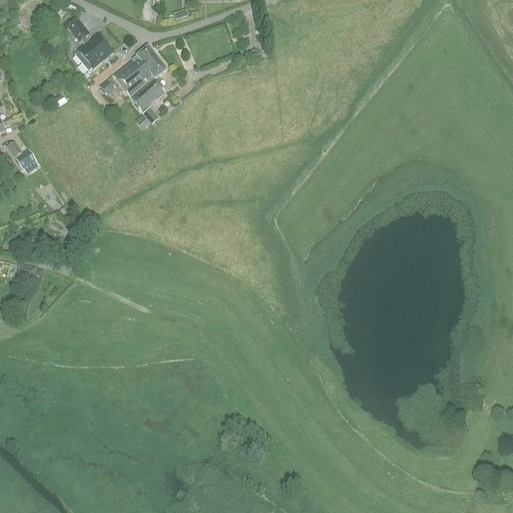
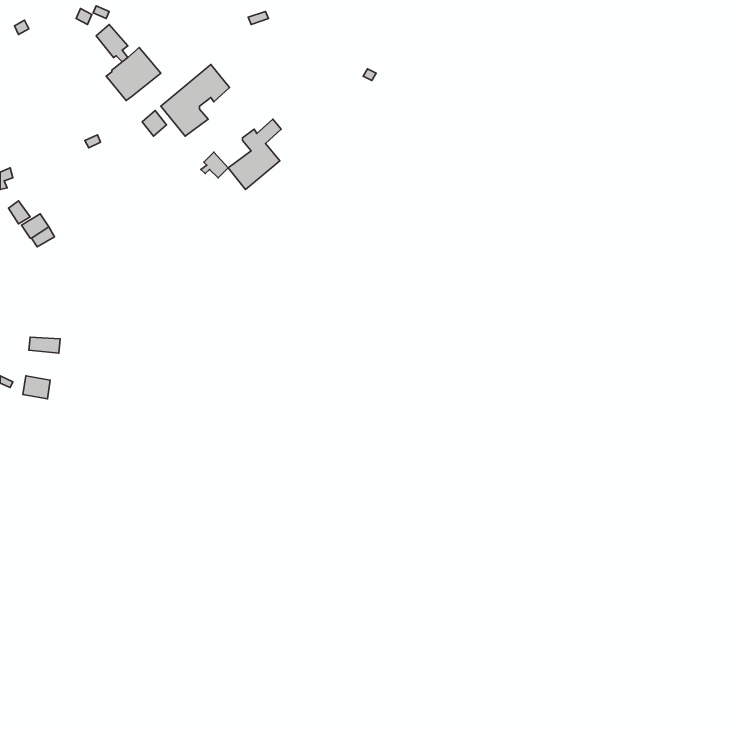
building: [130,61,167,110] -> [228,119,281,189]

